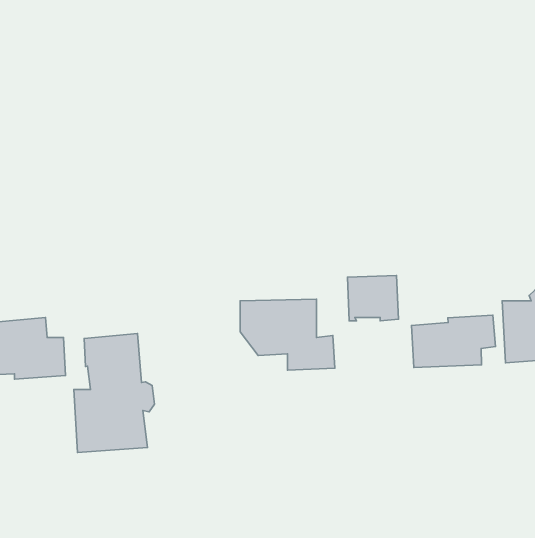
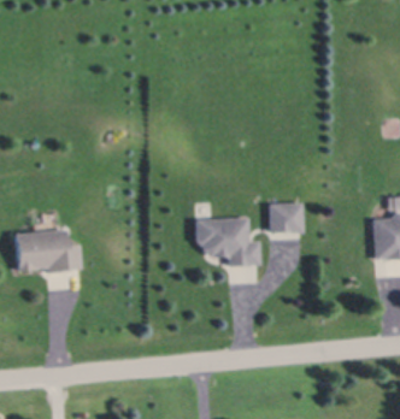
building: [411,315,495,367] -> none
building: [74,333,155,453] -> none

